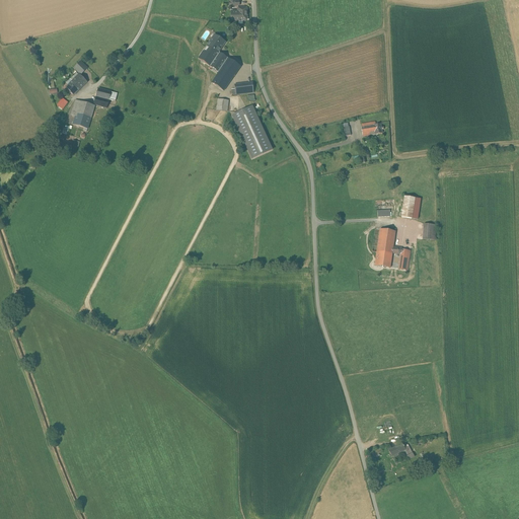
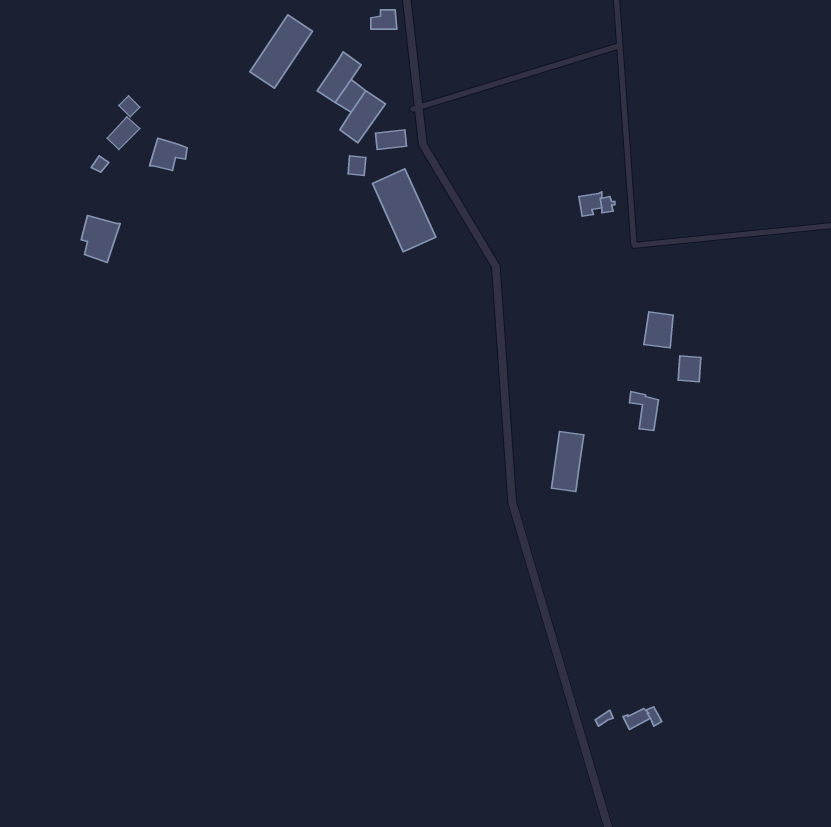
building: none -> [250,15,313,88]
building: [71,98,95,128] -> [81,215,120,263]
building: [375,228,395,266] -> [551,431,584,492]

